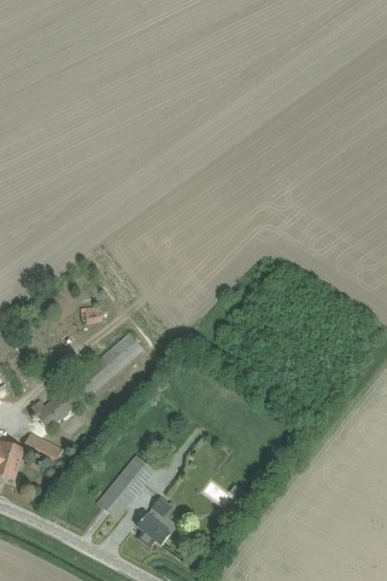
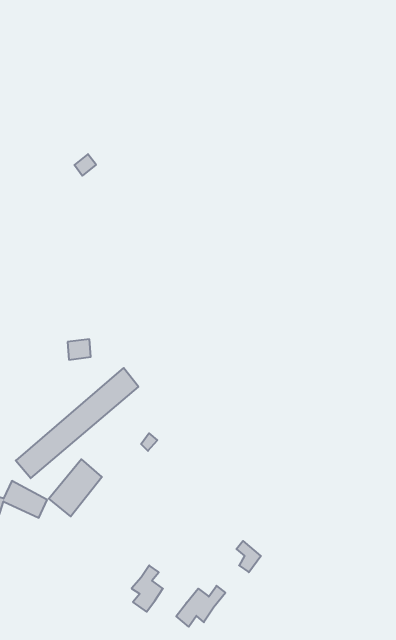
building: [98,466,145,517] -> [49,459,102,516]
building: none -> [176,586,225,627]

